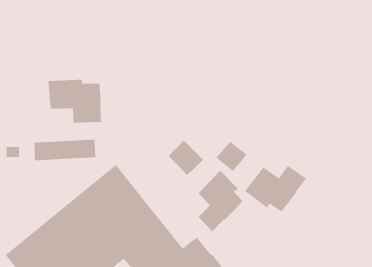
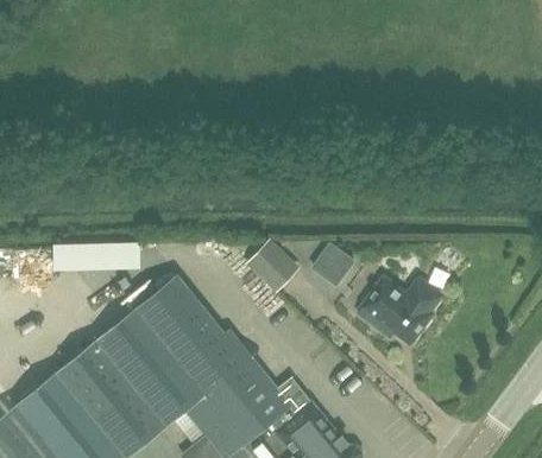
building: [48,79,102,123] -> none
building: [198,170,244,232] -> none

